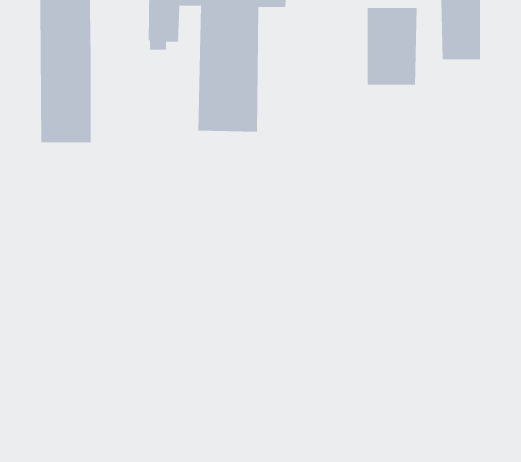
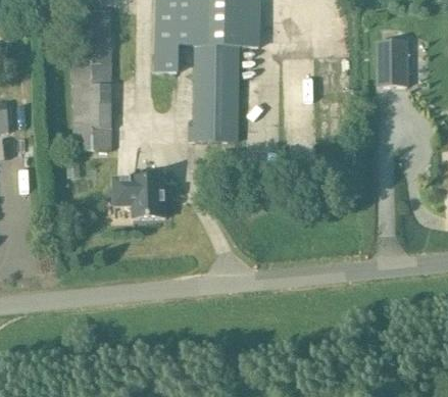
building: [367,7,417,85] -> none
building: none -> [112,176,166,219]

